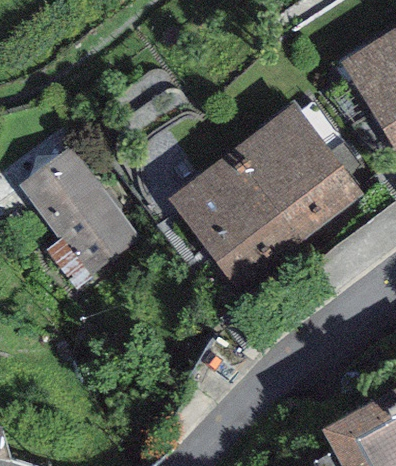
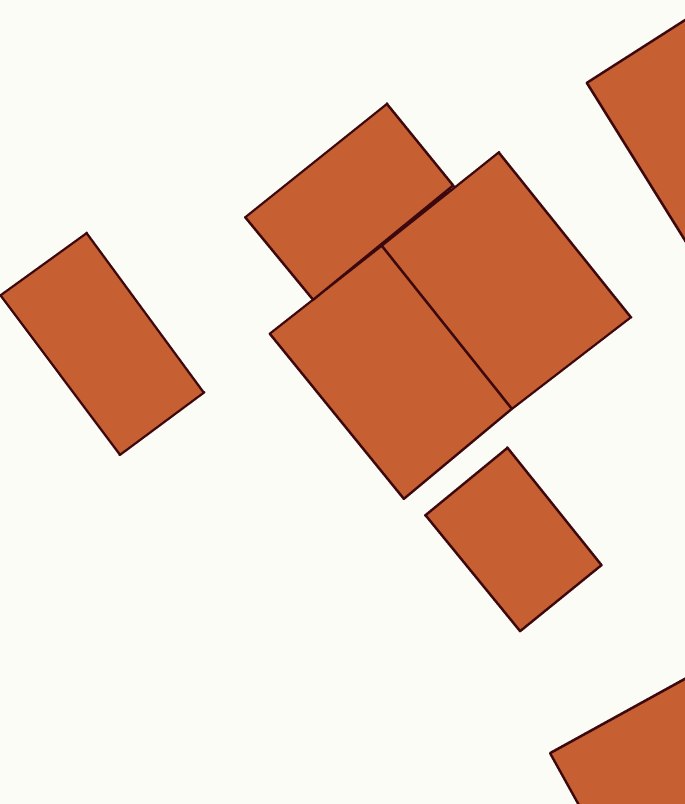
building: none -> [245,104,453,300]
building: none -> [425,448,601,631]

